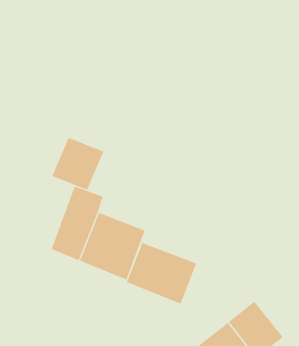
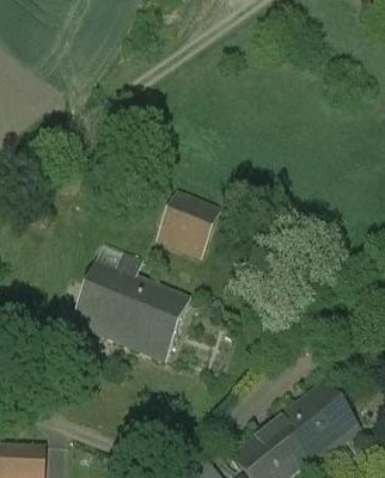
building: [51,137,104,191] -> [154,190,219,256]
building: [126,242,197,305] -> none

